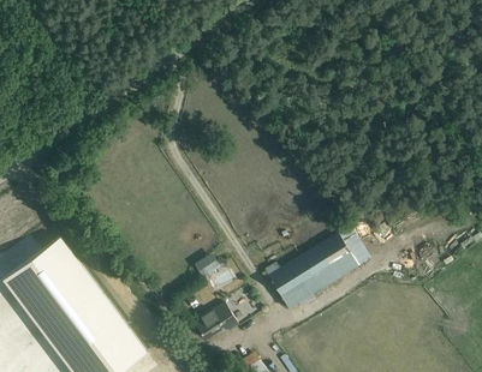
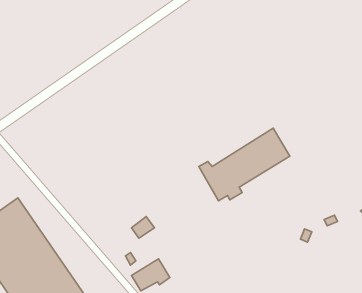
building: [264,226,370,310] -> [199,128,290,201]

